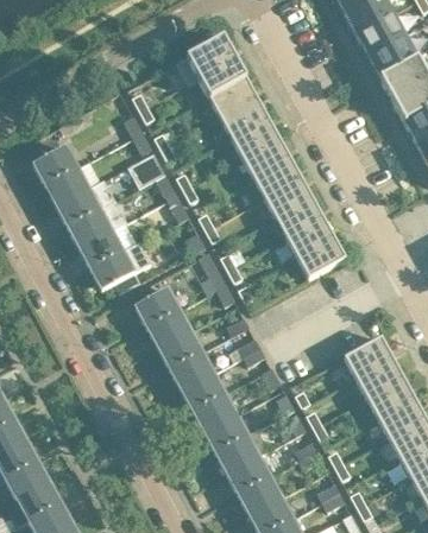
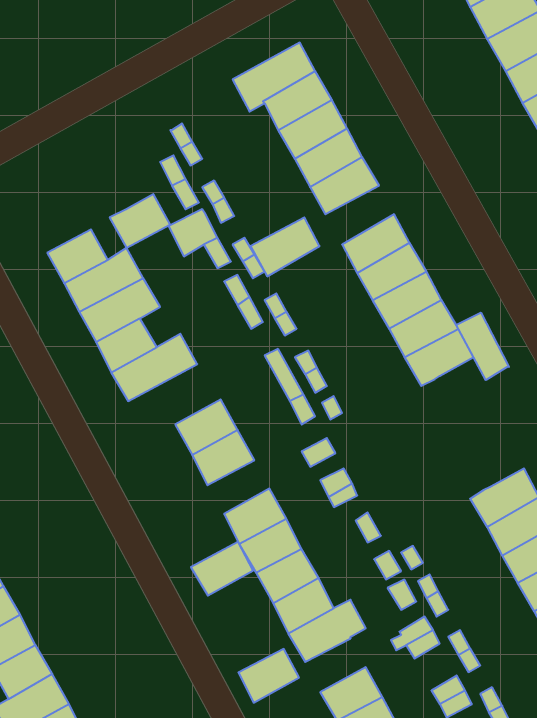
building: [241,138,290,179] -> [250,217,320,276]
building: [33,147,76,185] -> [110,194,170,248]
building: none -> [456,313,509,380]
building: [158,331,202,369] -> [191,542,253,596]
building: [227,457,270,495] -> [238,649,299,703]

